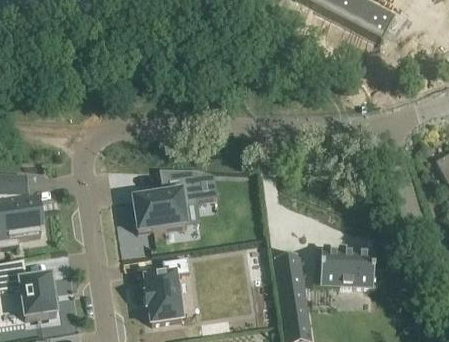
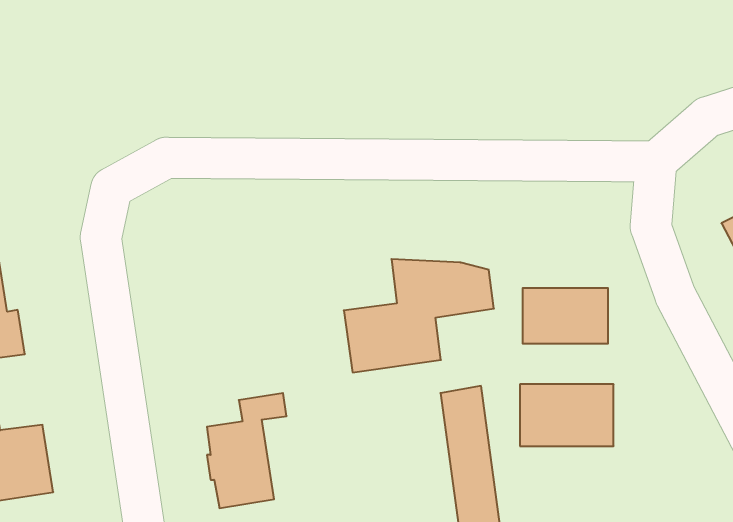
building: [132,167,217,231] -> [344,259,494,372]
building: none -> [523,288,608,344]

